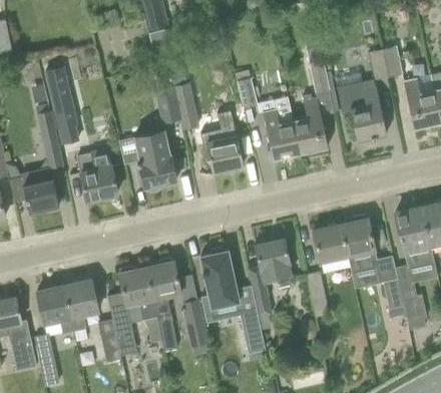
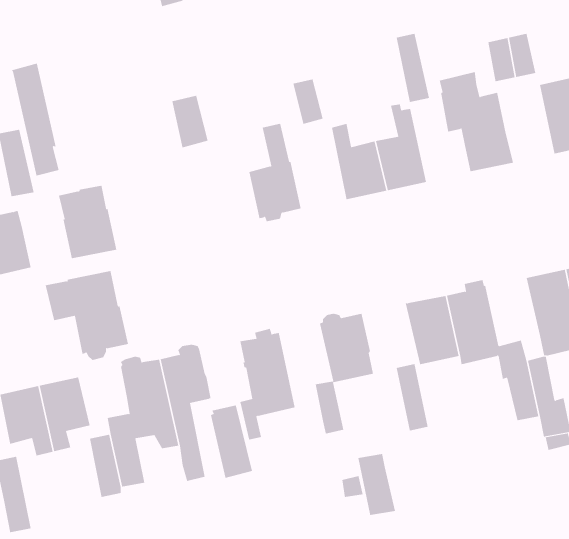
building: [171,82,198,129] -> none
building: [119,130,176,191] -> [45,271,129,360]
building: [240,310,266,352] -> [358,454,396,515]

